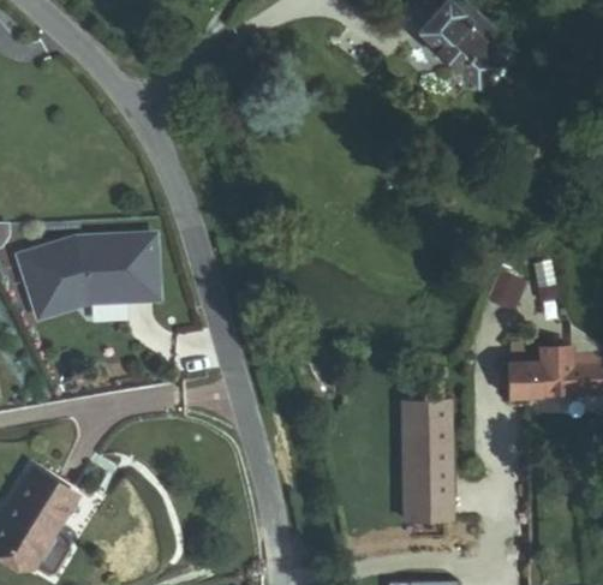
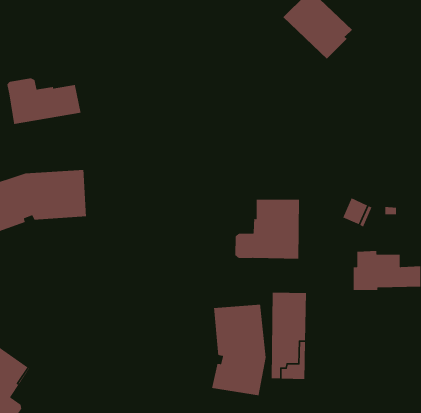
building: none -> [6,78,82,125]
building: none -> [235,199,300,260]
building: none -> [211,304,266,396]

